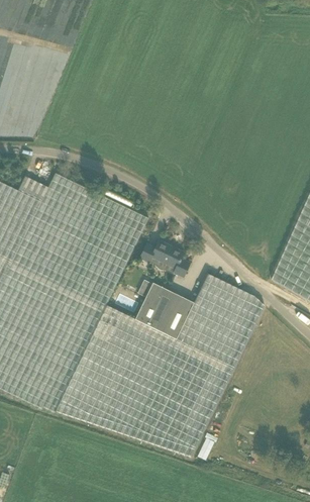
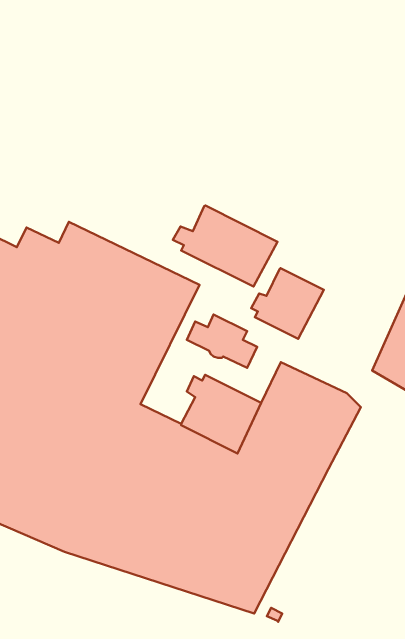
building: none -> [173,206,278,286]
building: none -> [251,268,324,339]

